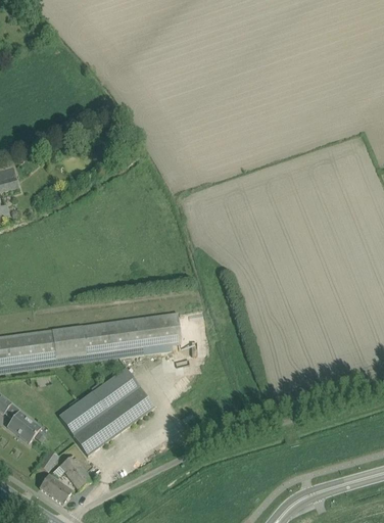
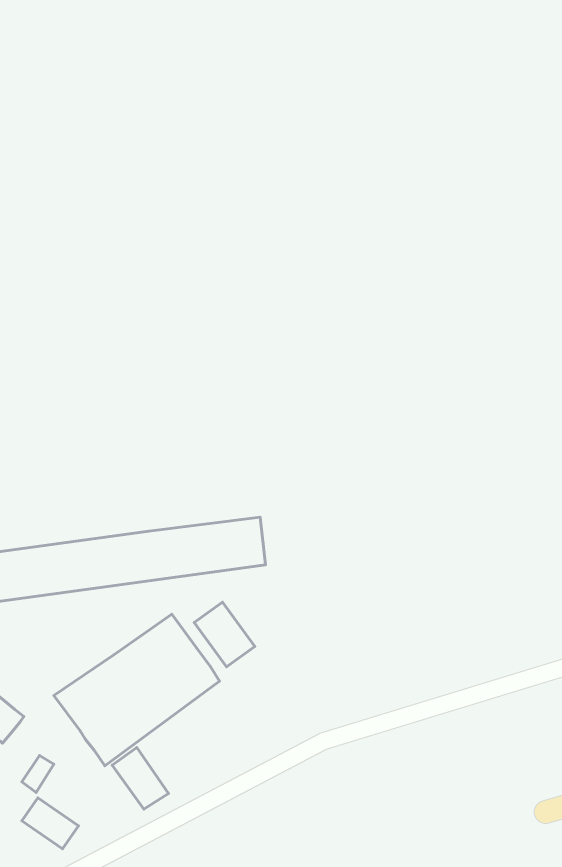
building: none -> [194,602,255,667]
building: [59,454,92,489] -> [112,748,169,809]

